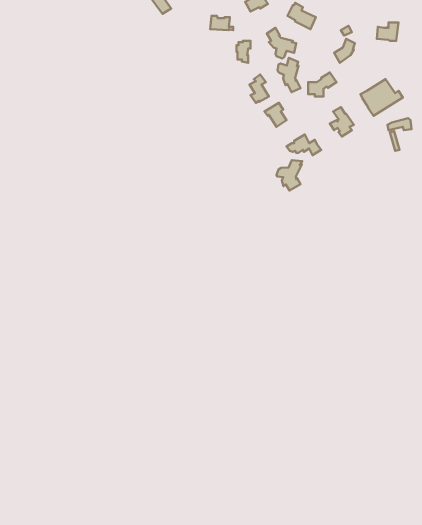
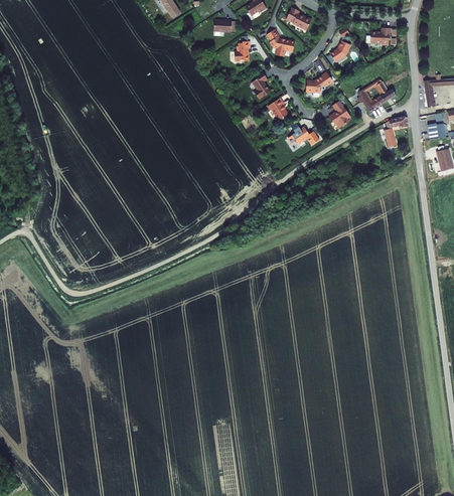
building: [277,58,301,92] -> none
building: [276,160,302,191] -> none

